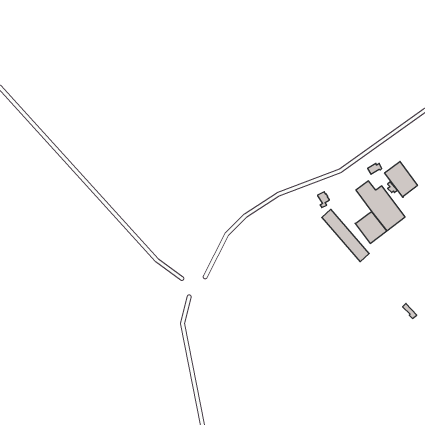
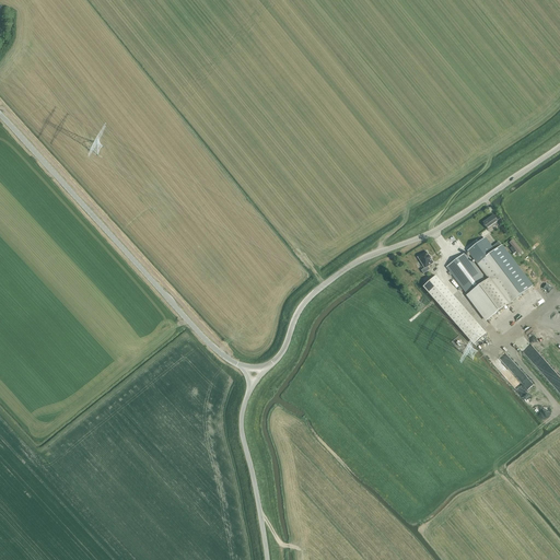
building: [385,161,417,197] -> none
building: none -> [445,253,485,293]

